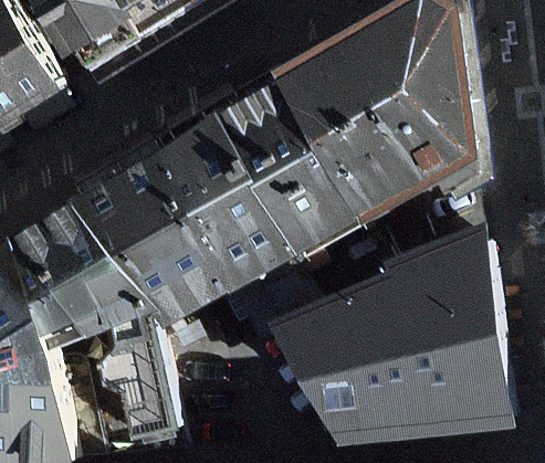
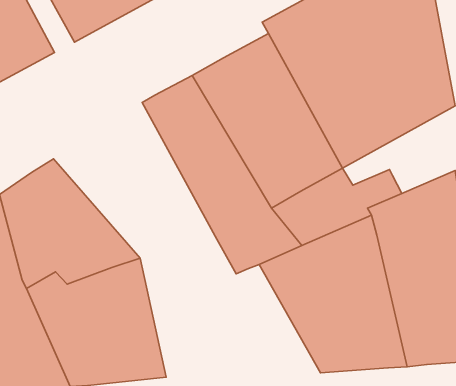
building: [60,149,231,323] -> none

